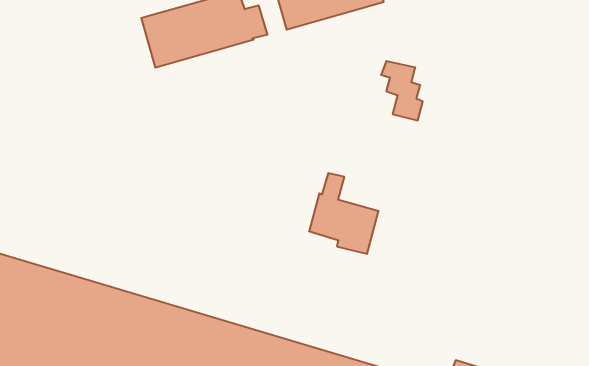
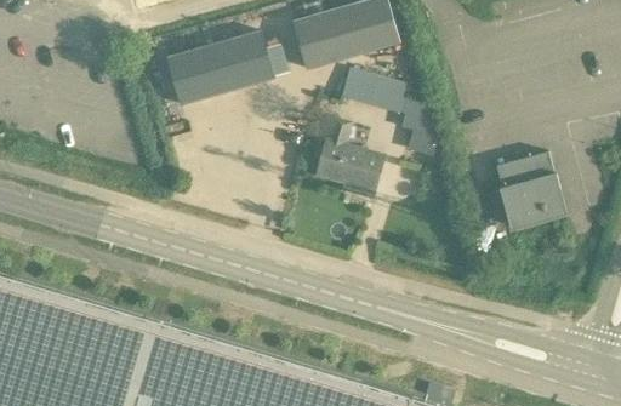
building: none -> [340,68,404,111]
building: none -> [495,151,564,229]
building: [309,173,379,254] -> [314,119,381,196]

